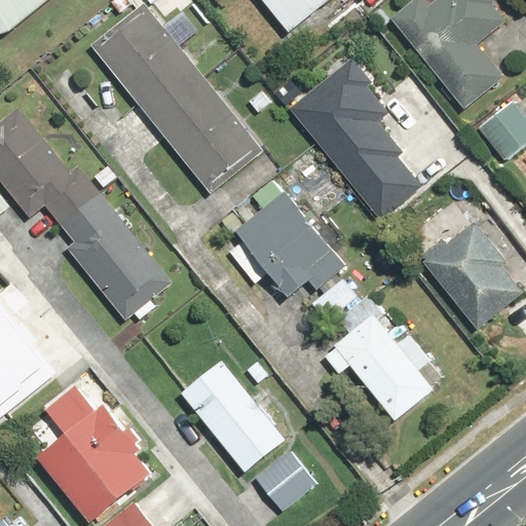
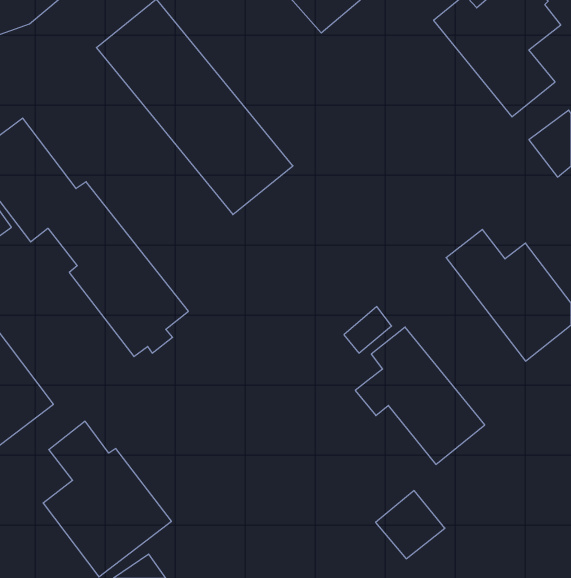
building: [286,55,421,221] -> none
building: [226,174,343,301] -> none
building: [181,360,285,474] -> none
building: [254,451,316,513] -> [376,491,445,559]

